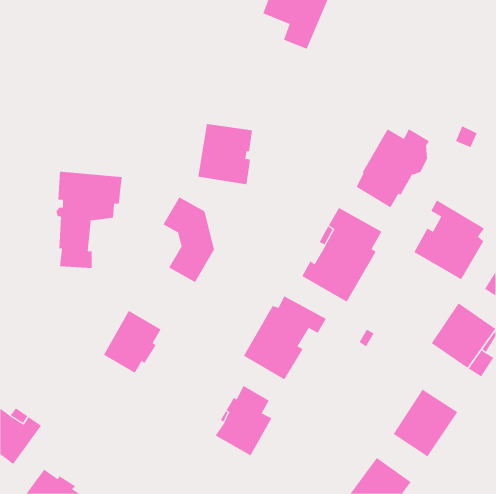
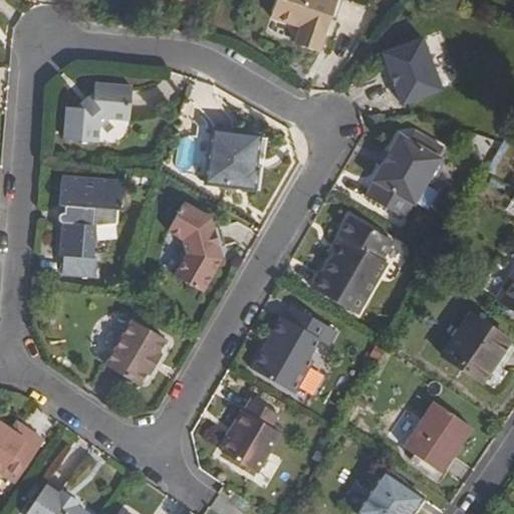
building: none -> [381,37,442,103]
building: none -> [63,81,133,141]
building: [413,199,485,280] -> none

